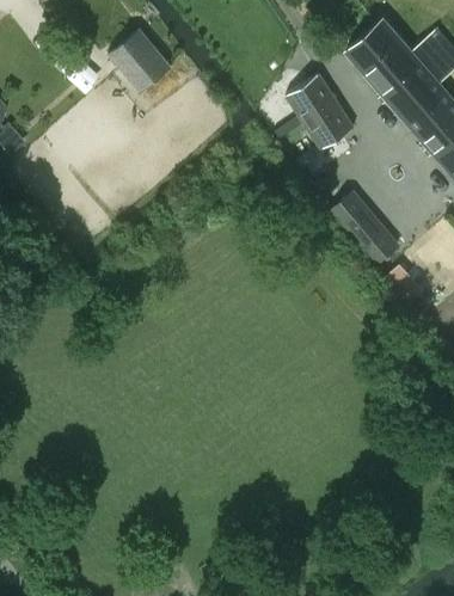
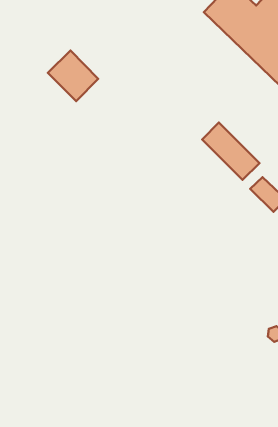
building: [108,29,170,92] -> [48,51,98,101]
building: [286,73,352,148] -> none

